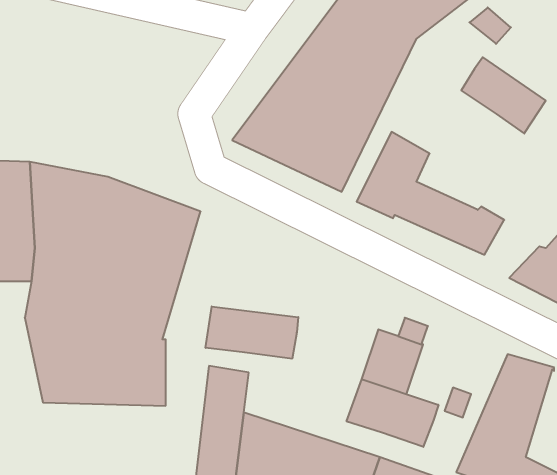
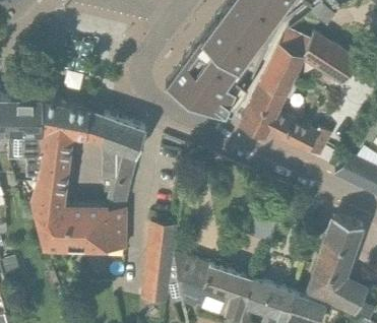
building: none -> [263,30,314,96]
building: [206,306,298,359] -> none
building: [347,379,438,447] -> none

